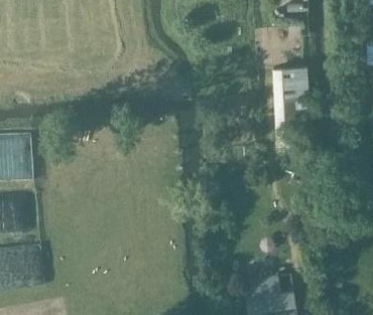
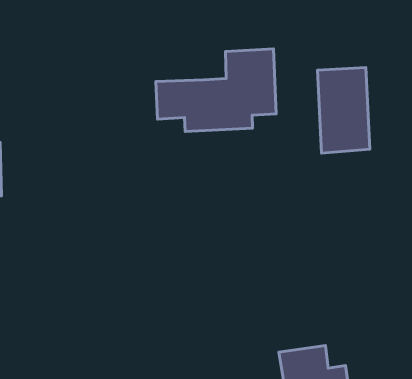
building: none -> [156,49,276,131]

